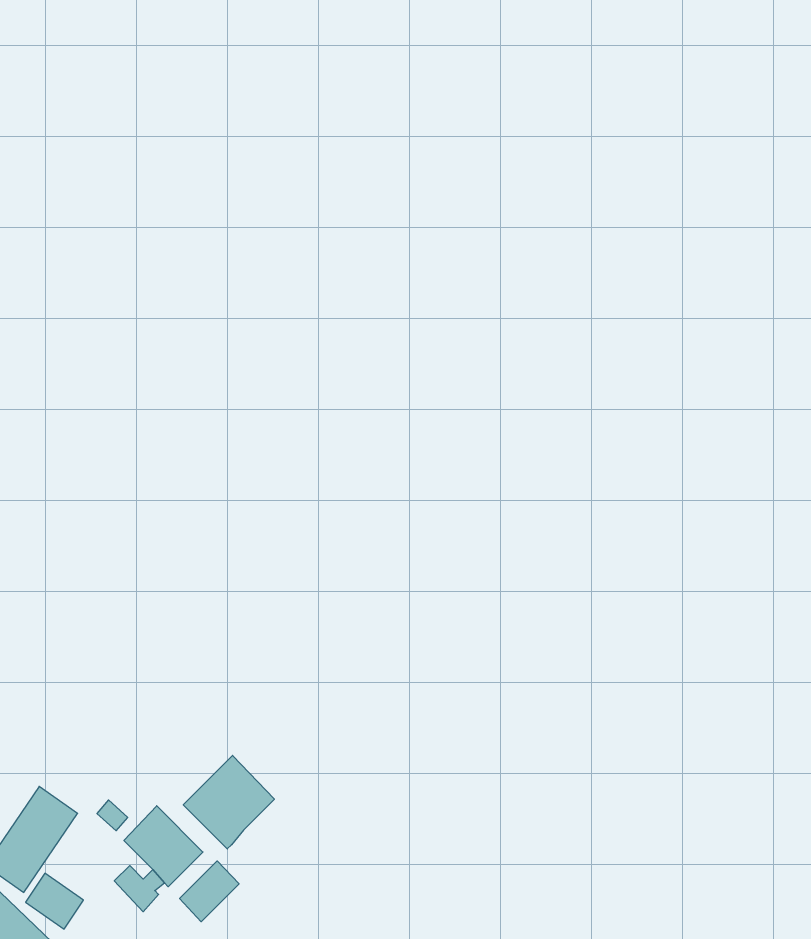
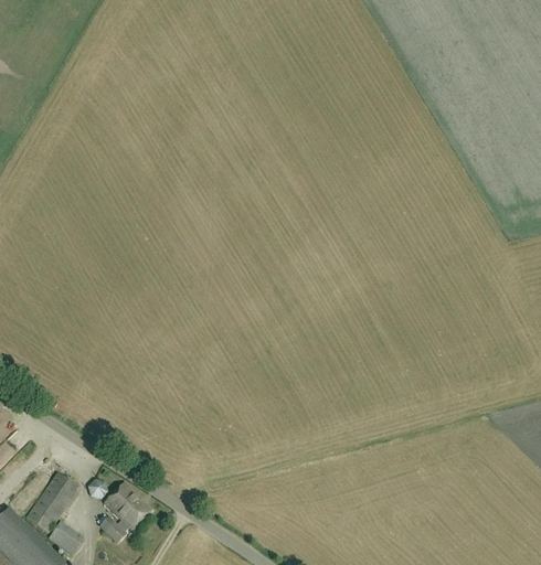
building: [183,755,274,849] -> none
building: [180,861,239,922] -> none

